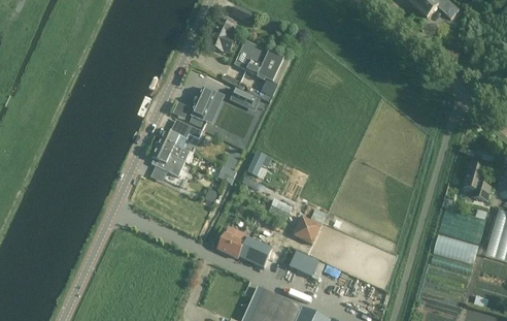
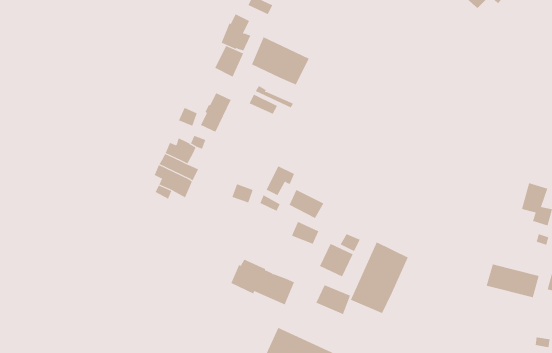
building: none -> [215,45,244,78]
building: none -> [289,189,324,219]
building: none -> [350,242,408,314]

